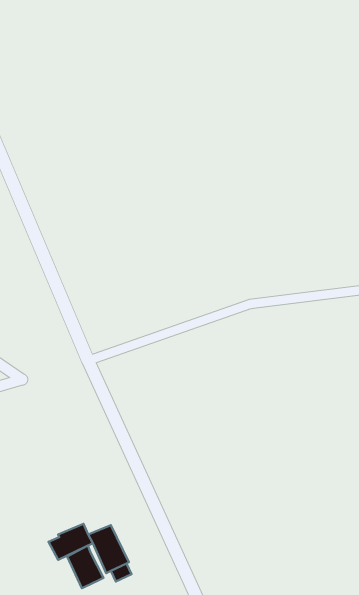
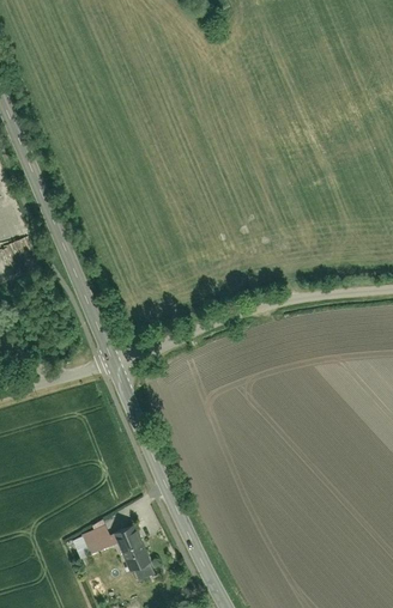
building: [67,546,103,588] -> none

